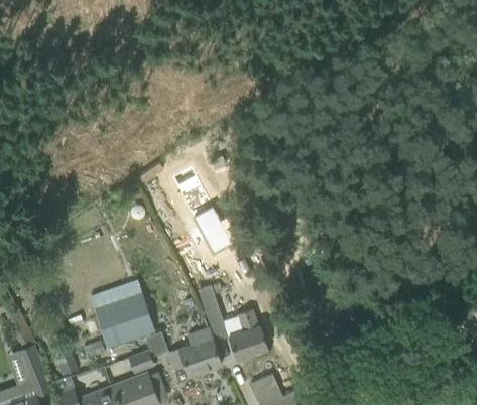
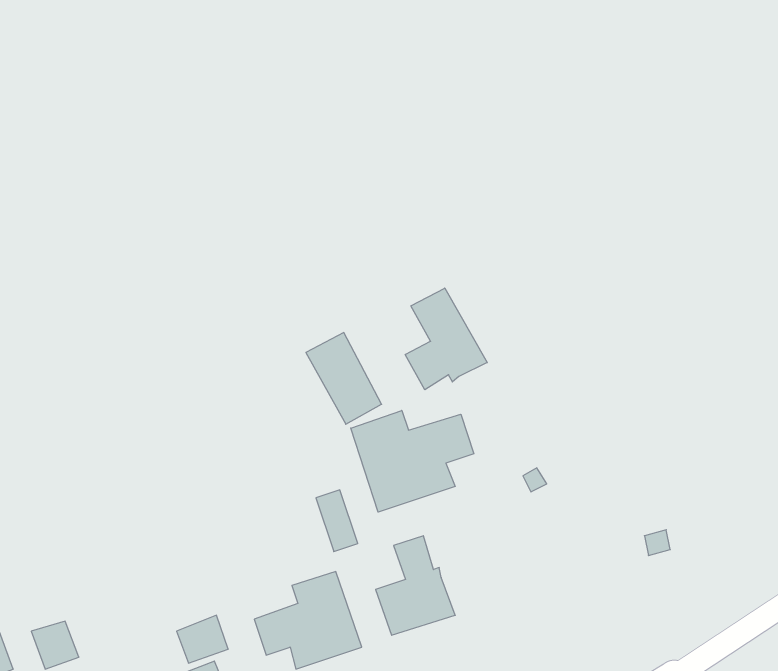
building: none -> [405,288,487,390]
building: none -> [351,410,474,512]
building: [90,279,155,350] -> none

